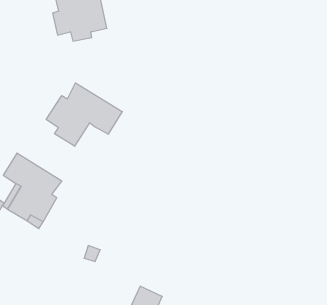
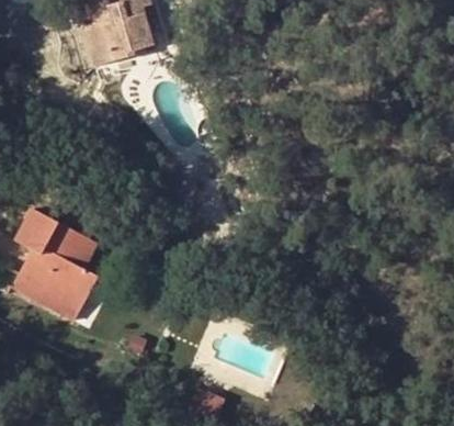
building: [46,83,122,146] -> none

